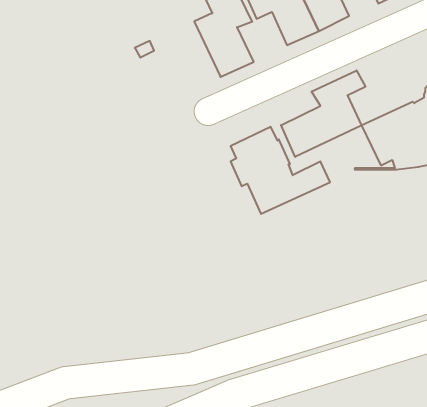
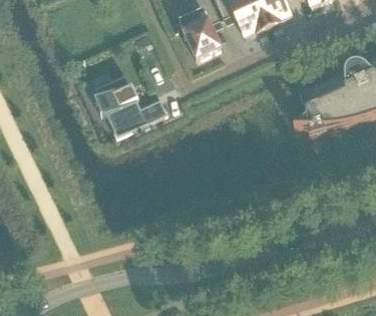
building: [281,70,365,157] -> none
building: [231,127,330,214] -> [94,72,166,135]

